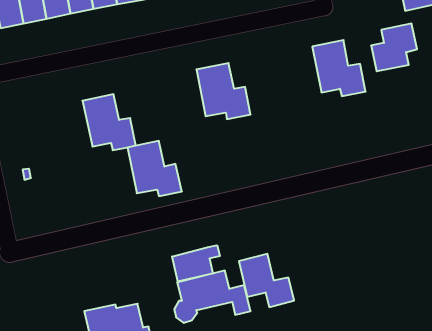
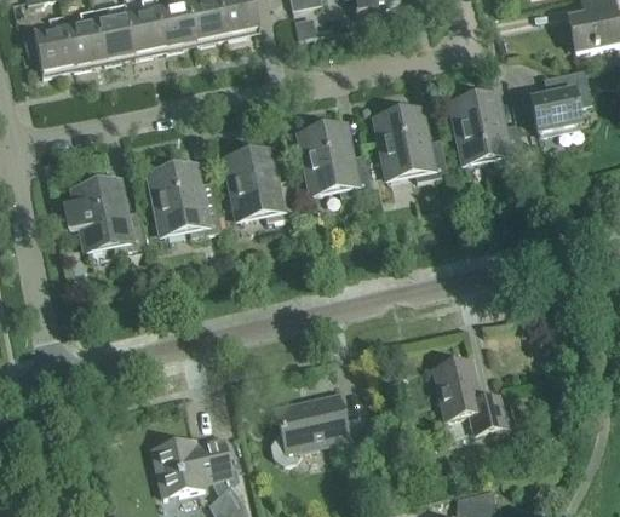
building: none -> [378,107,447,180]
building: none -> [62,177,145,251]
building: [128,141,182,196] -> [226,147,298,219]
building: [172,245,220,281] -> none
building: [239,254,294,307] -> [434,362,506,432]

